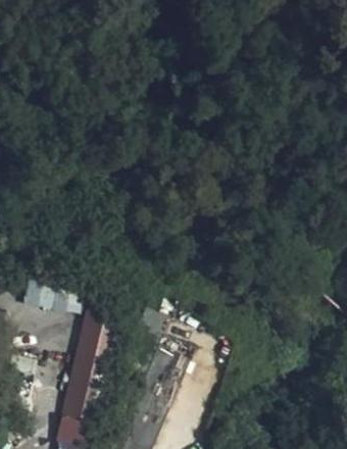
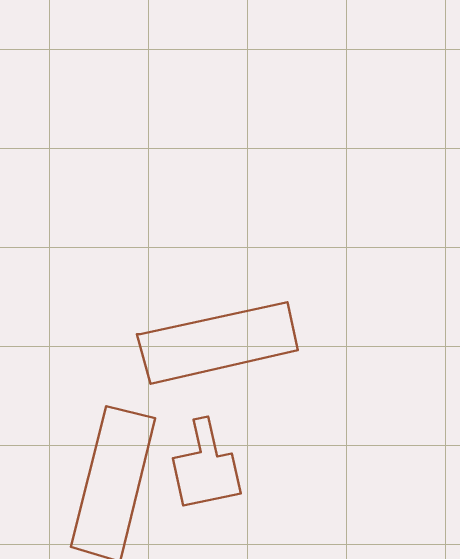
building: none -> [137,302,298,384]

